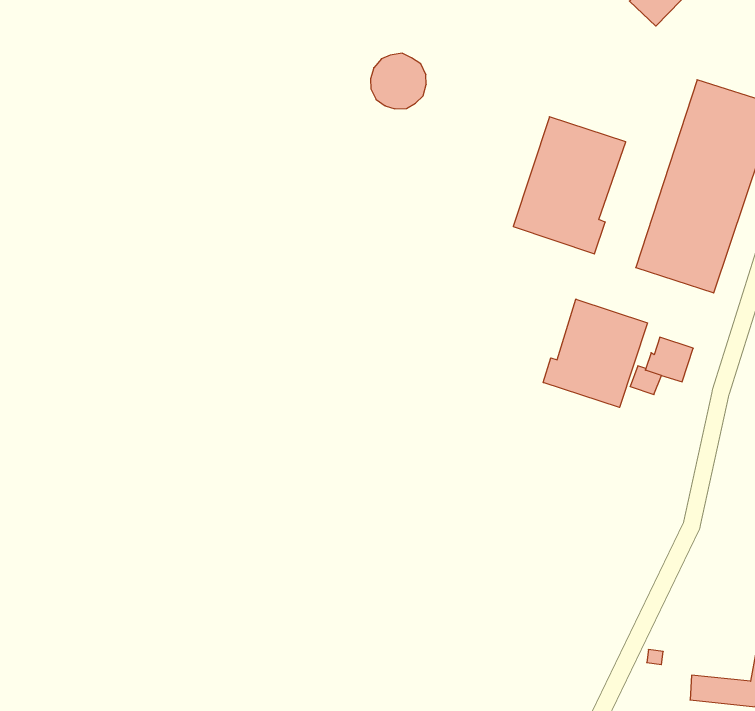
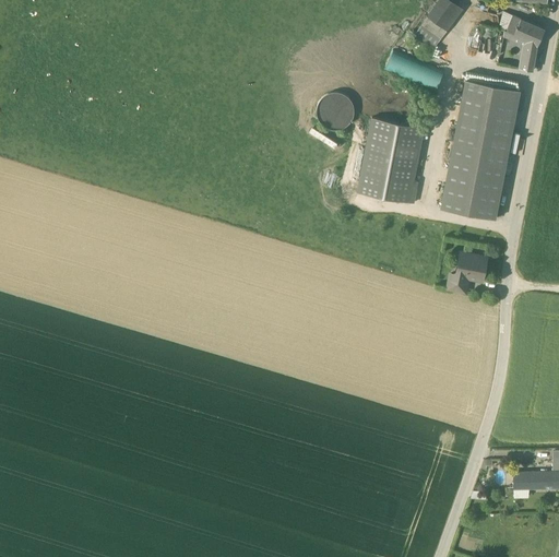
building: none -> [385,50,443,88]
building: [371,53,426,109] -> [317,92,354,129]
building: [543,299,647,407] -> none

